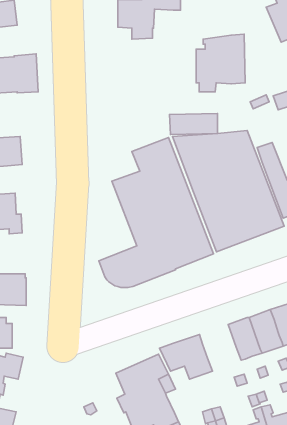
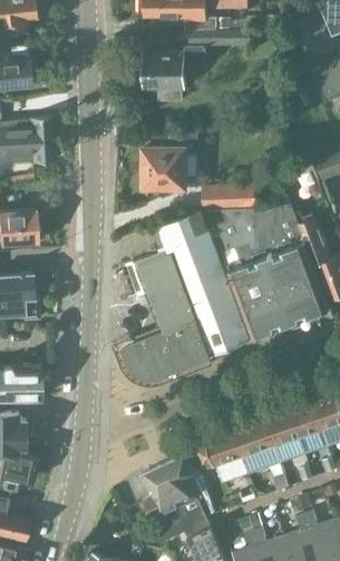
building: [196,34,245,92] -> [143,134,197,198]
building: none -> [233,421,280,473]

